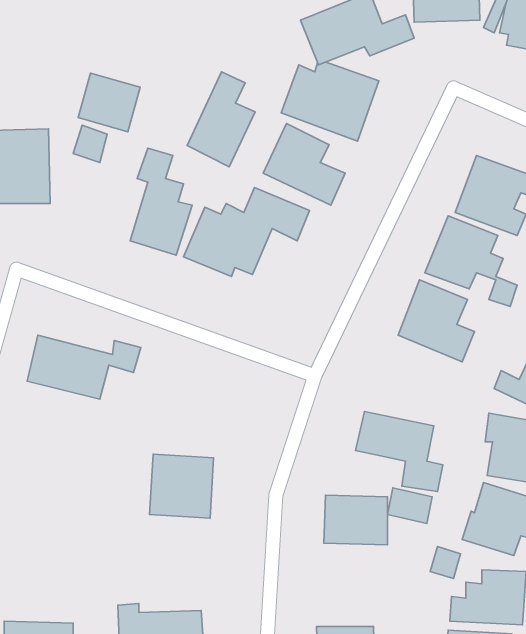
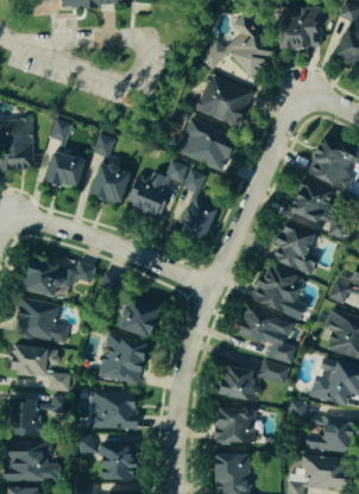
building: [187,72,255,167] -> none
building: [78,73,140,132] -> [44,152,86,191]
building: none -> [178,198,216,241]
building: none -> [248,264,303,316]
building: none -> [113,298,157,338]
building: none -> [19,302,69,341]
building: none -> [8,344,73,392]
building: none -> [82,390,139,430]
building: none -> [11,395,68,438]
building: none -> [214,407,257,442]

